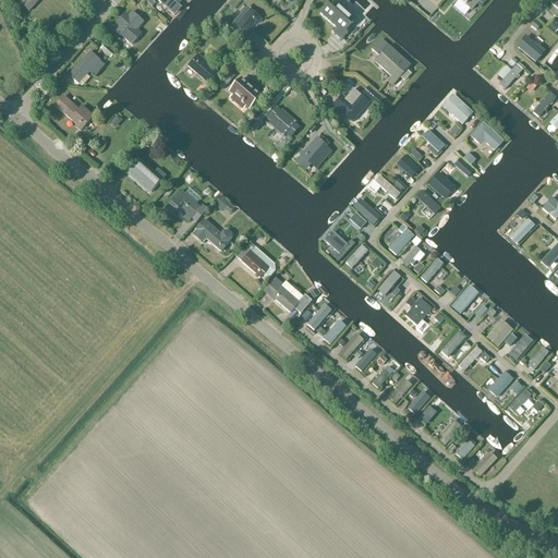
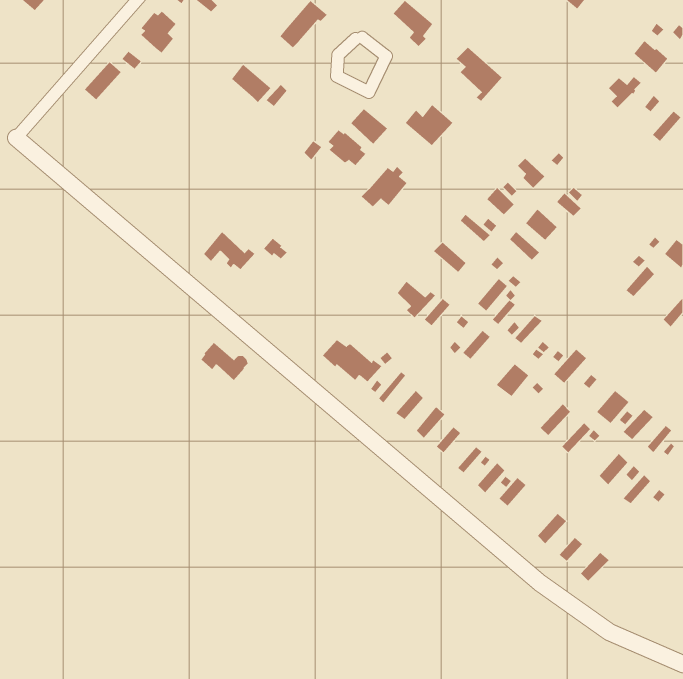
building: [230,77,260,107] -> [350,108,388,145]
building: [441,92,473,122] -> none
building: [54,95,93,128] -> none
building: [470,120,504,148] -> none
building: [129,158,161,190] -> none
building: [193,218,232,250] -> [200,342,249,381]
building: [236,245,275,277] -> none

